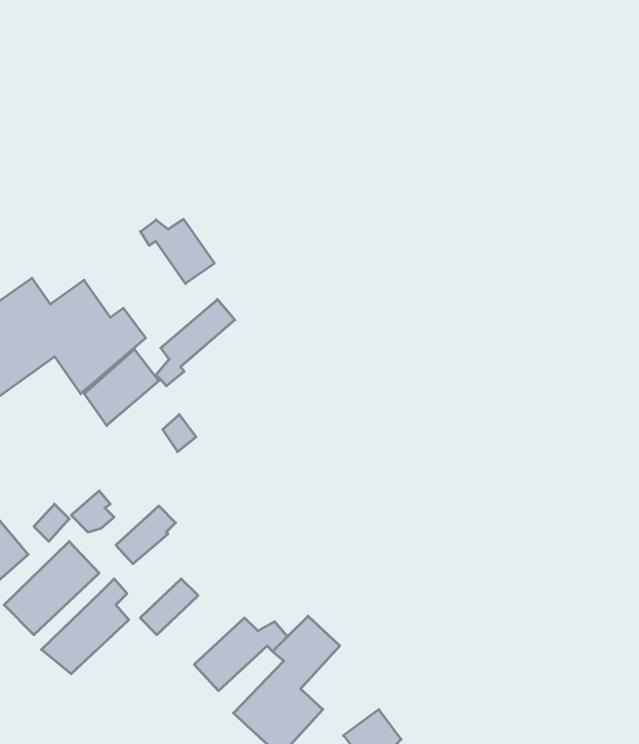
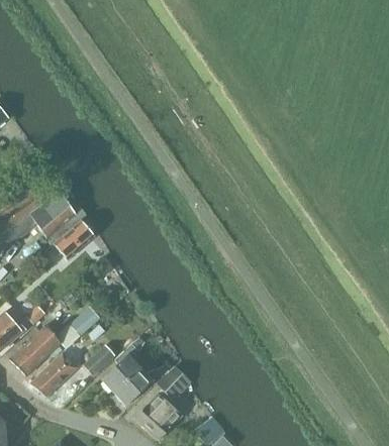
building: [140,219,214,284] -> none
building: [156,299,235,386] -> none
building: none -> [100,336,144,392]

